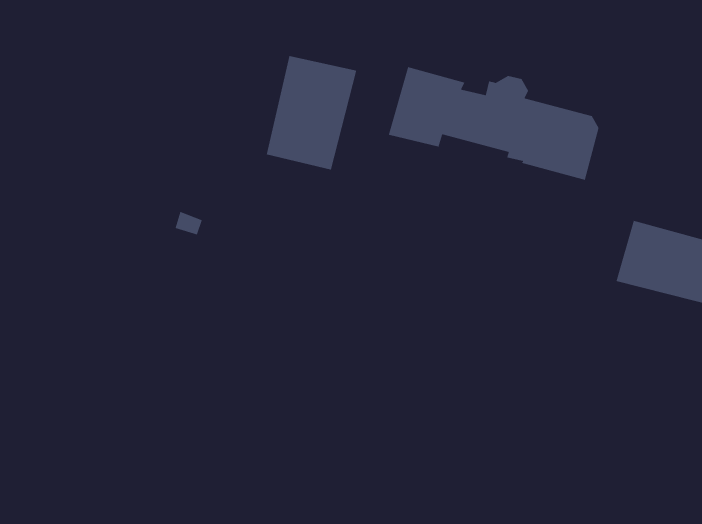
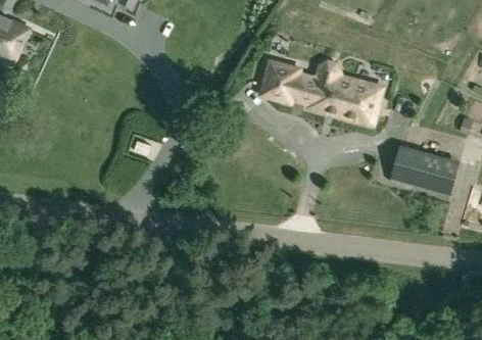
building: [266,55,357,171] -> none

